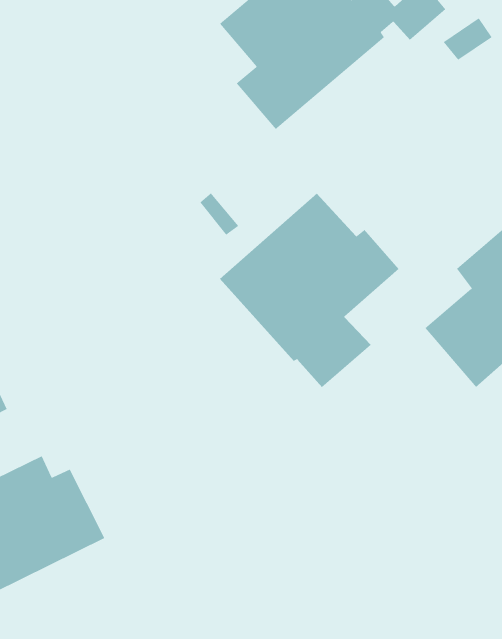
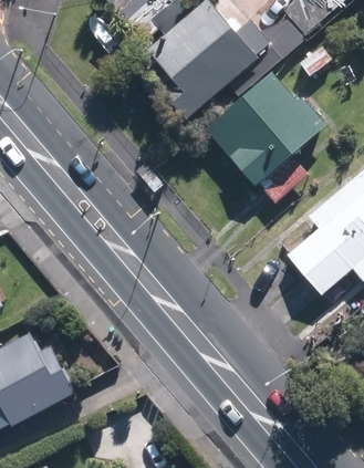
building: [219,193,400,388] -> [207,73,327,204]

